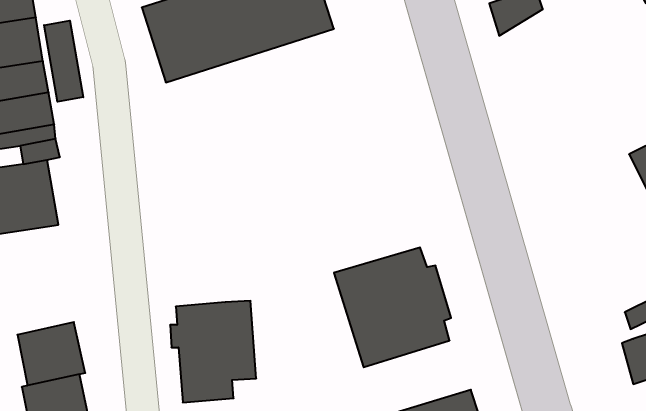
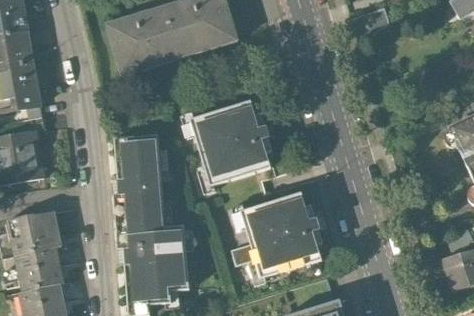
building: [44,21,83,102] -> none
building: none -> [192,101,274,186]
building: none -> [117,139,163,234]
building: none -> [8,210,61,254]

